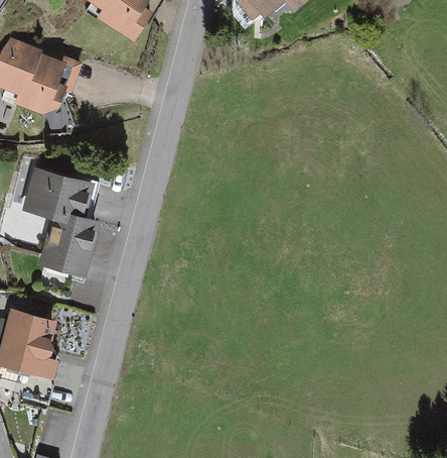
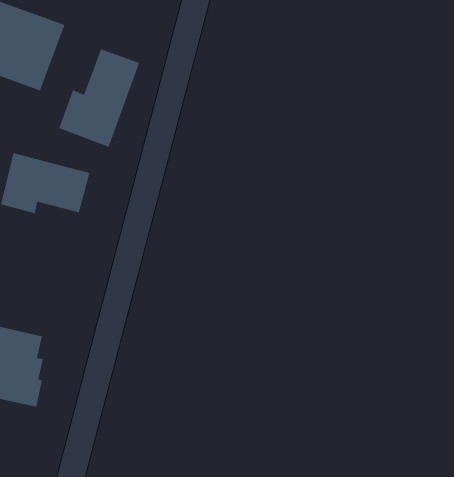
building: none -> [58,48,140,148]
building: [37,209,103,284] -> none

